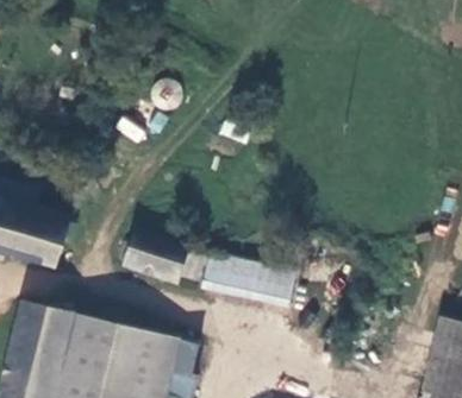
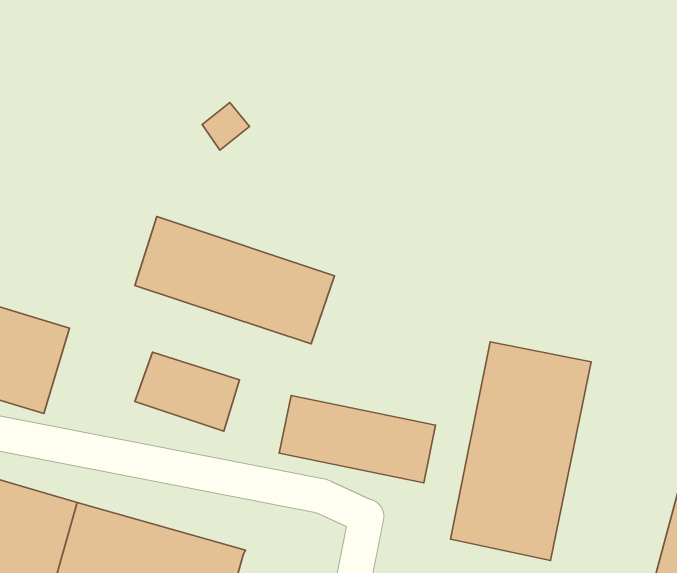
building: none -> [135,216,335,344]
building: none -> [450,342,591,561]

